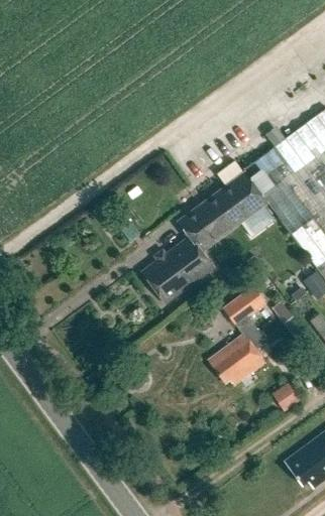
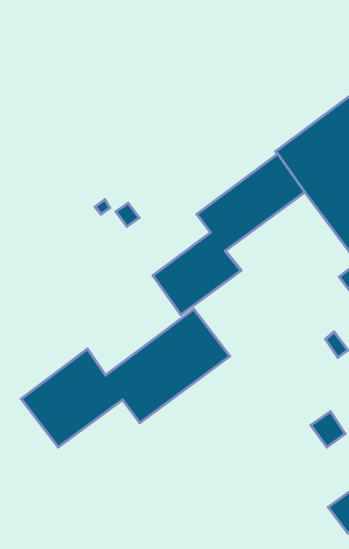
building: [209,285,266,385] -> none
building: none -> [21,309,230,447]

